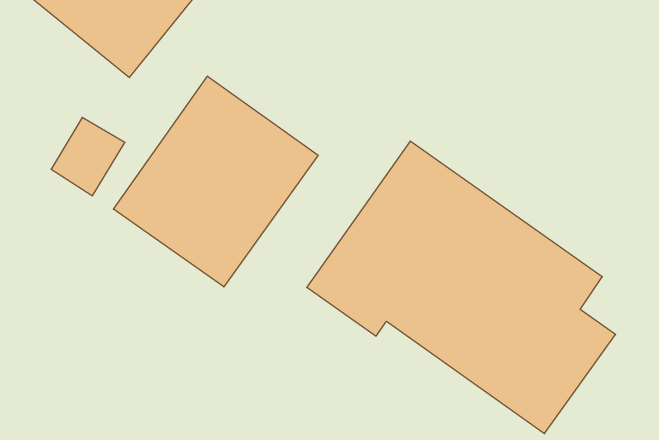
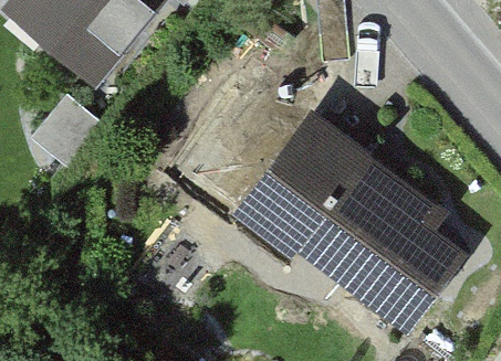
building: [113,76,318,287] -> none

